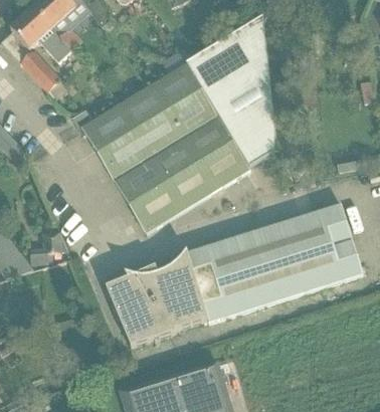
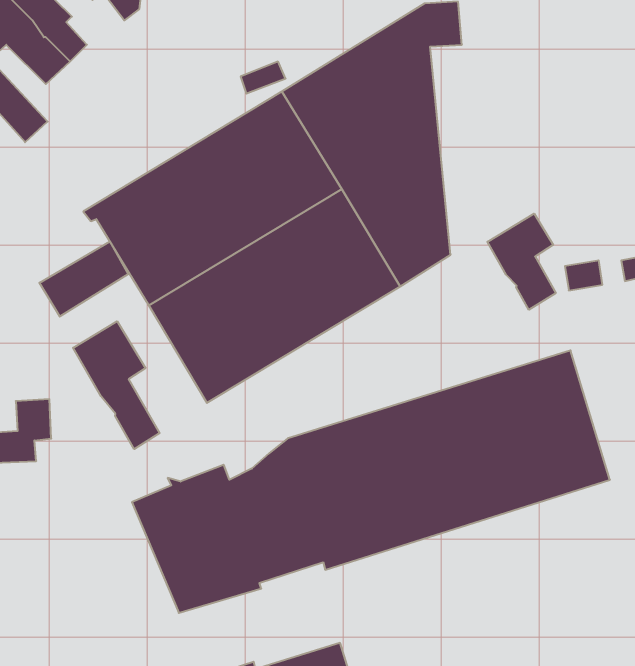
building: none -> [487,214,556,310]
building: none -> [39,241,128,317]
building: none -> [73,321,160,449]

